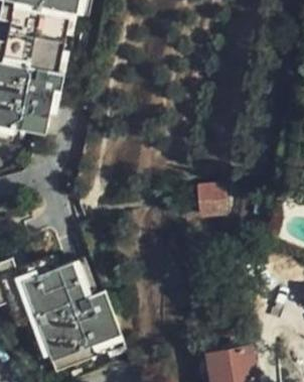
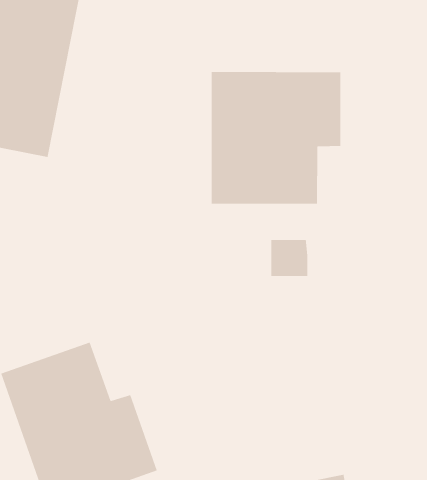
building: none -> [211,71,341,205]

